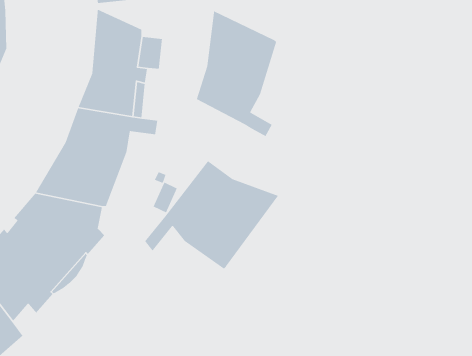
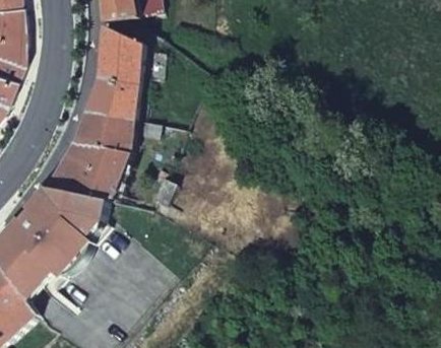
building: [196,10,277,137] -> none
building: [144,160,279,270] -> none

